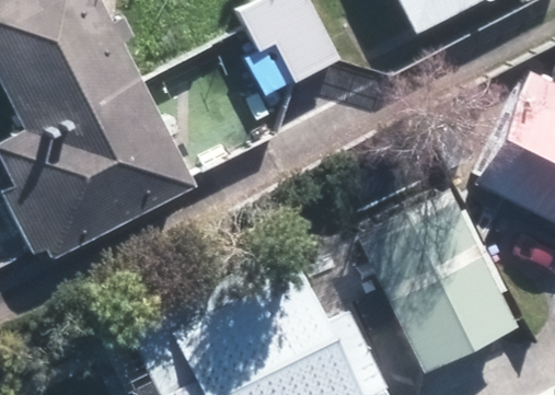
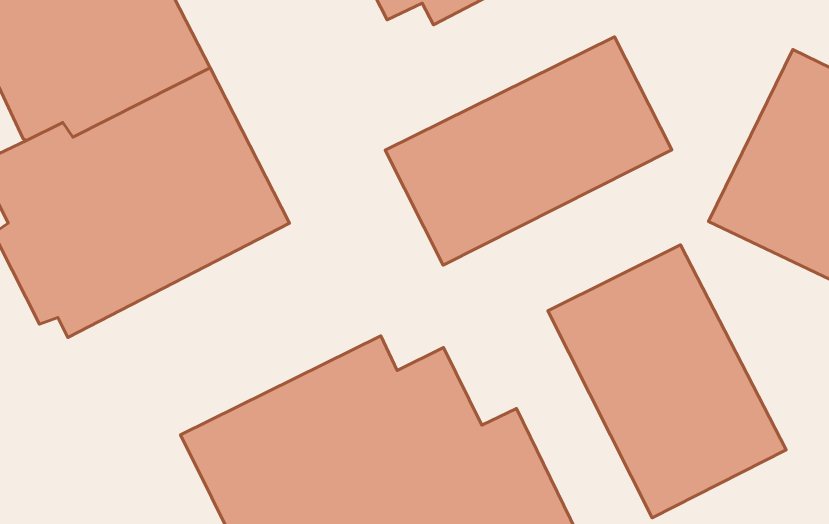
building: none -> [385,37,672,265]

